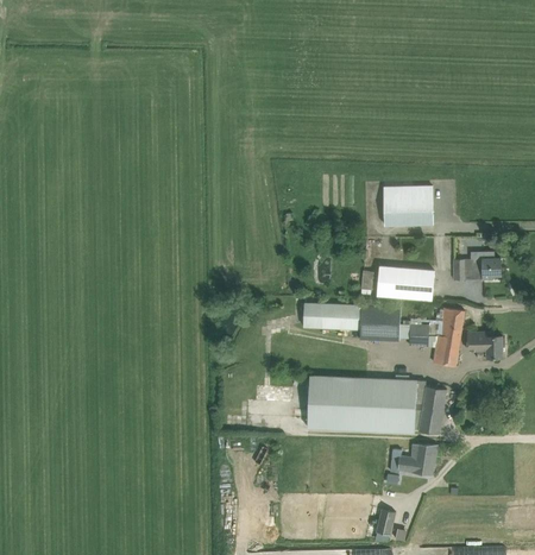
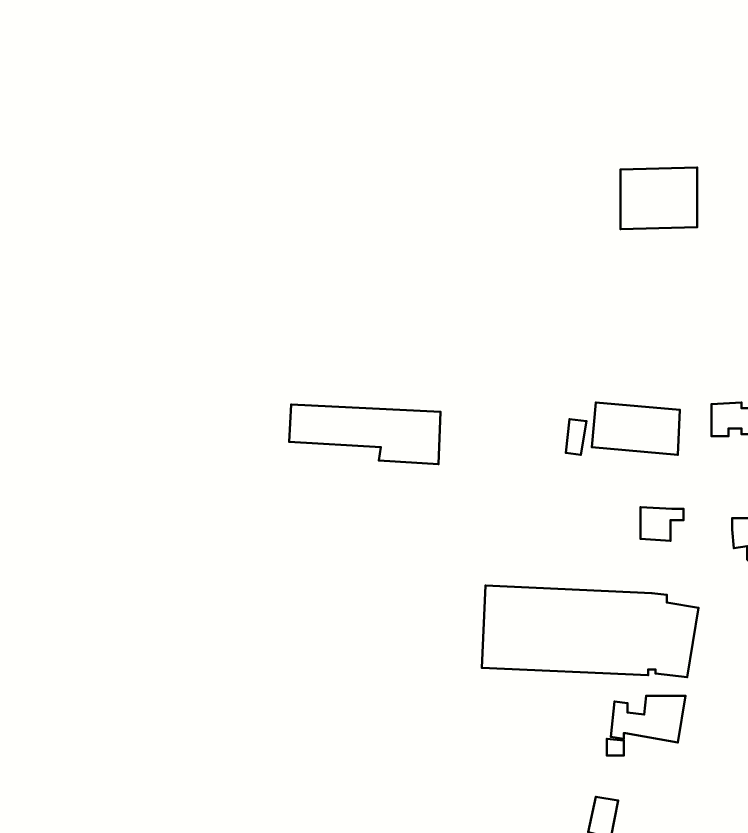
building: [384,187,433,226] -> [621,168,697,229]
building: [303,303,399,341] -> [289,404,440,464]
building: [434,308,465,367] -> none

